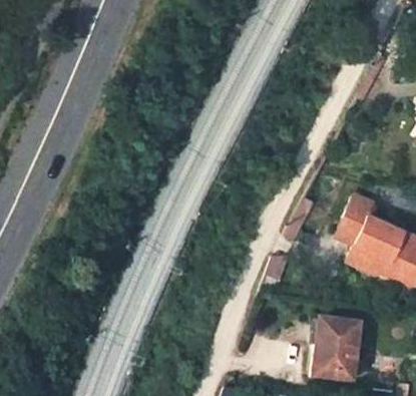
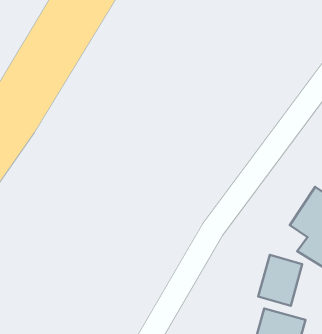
building: none -> [258,255,302,306]

